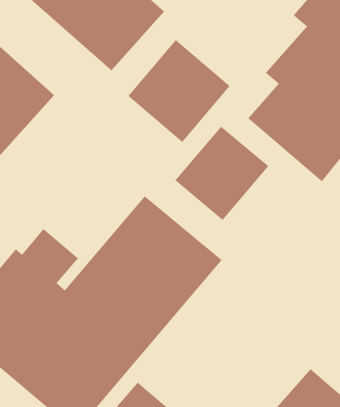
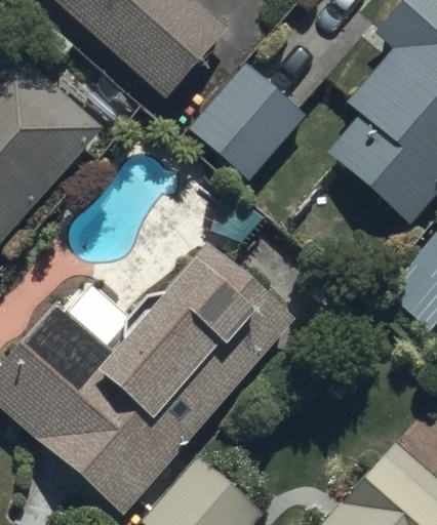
building: [175,126,269,221] -> none

